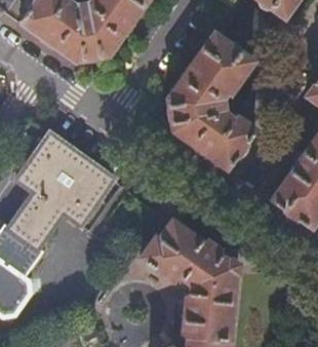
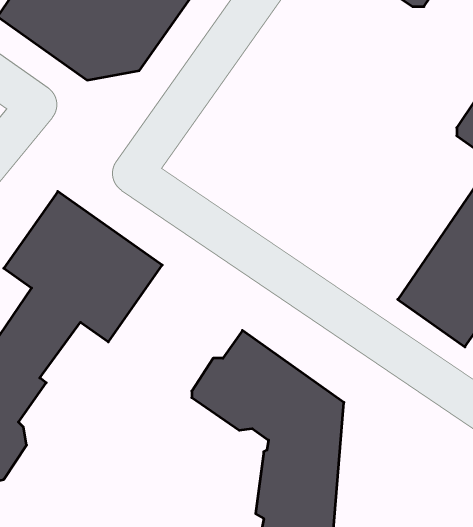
building: [165,31,255,170] -> none

